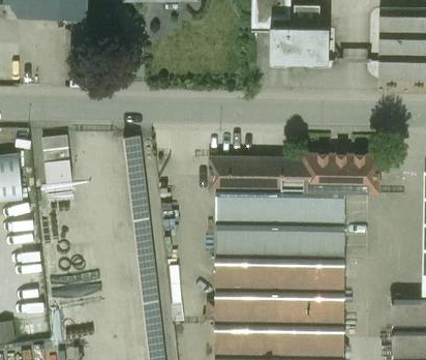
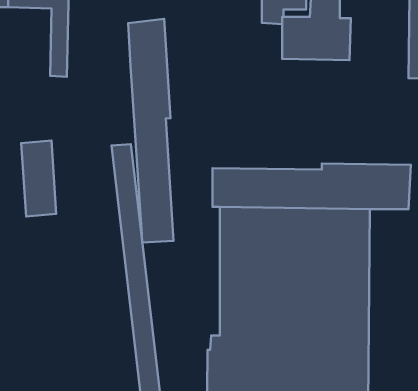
building: none -> [128,19,174,242]

